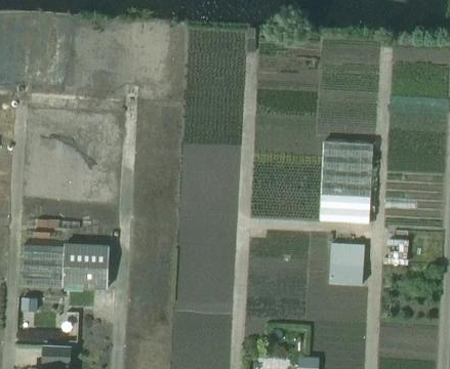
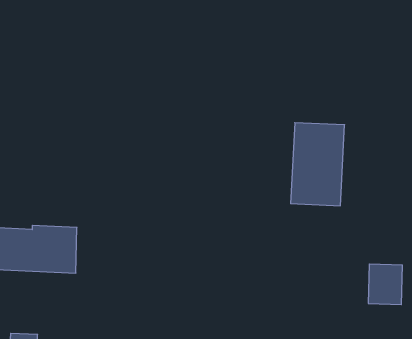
building: [329,244,363,284] -> [368,264,402,305]

